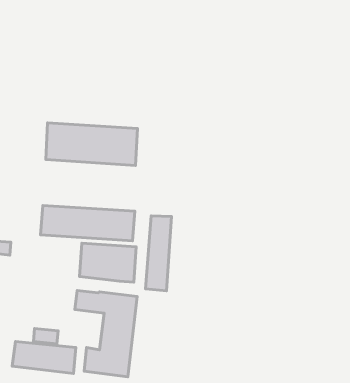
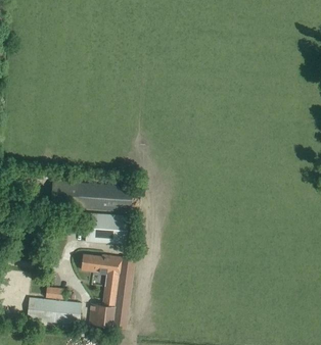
building: [46,123,137,165] -> none
building: [146,216,171,291] -> none

